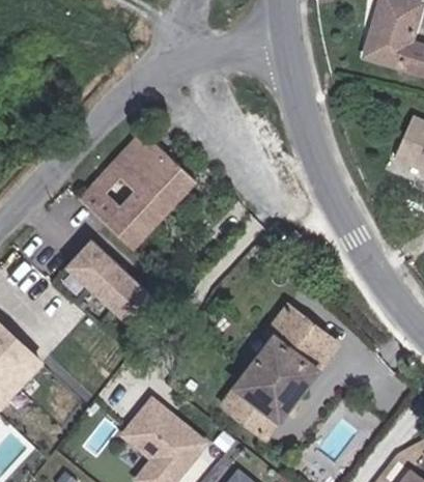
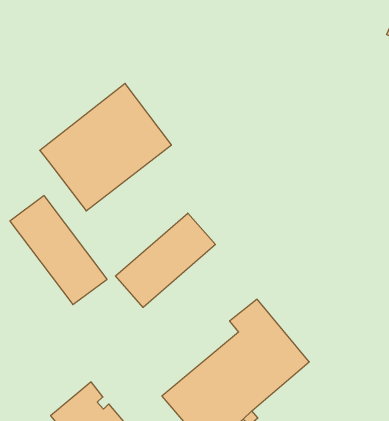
building: none -> [115,213,215,307]

